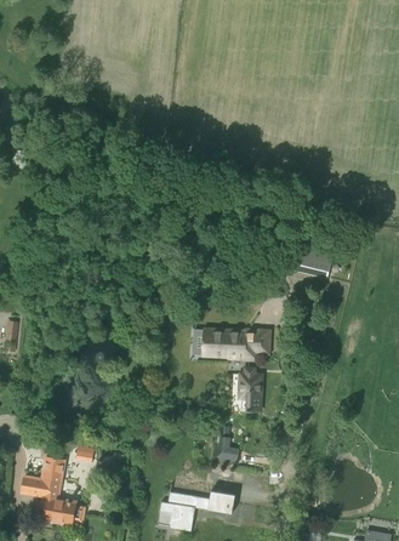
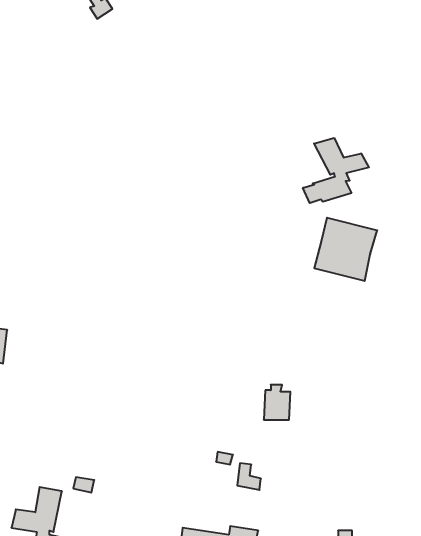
building: none -> [303,138,369,203]
building: [203,330,269,359] -> none

